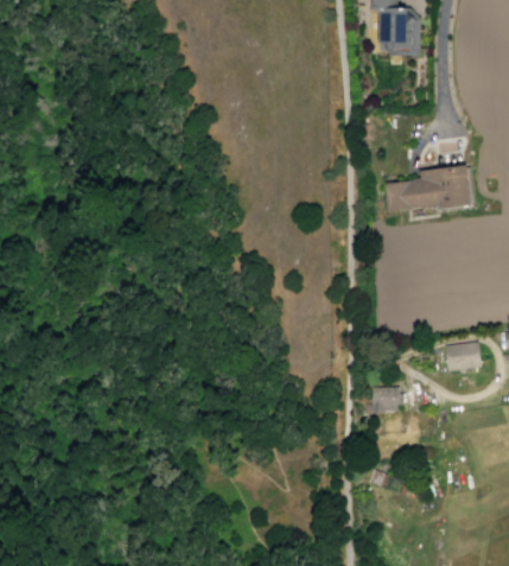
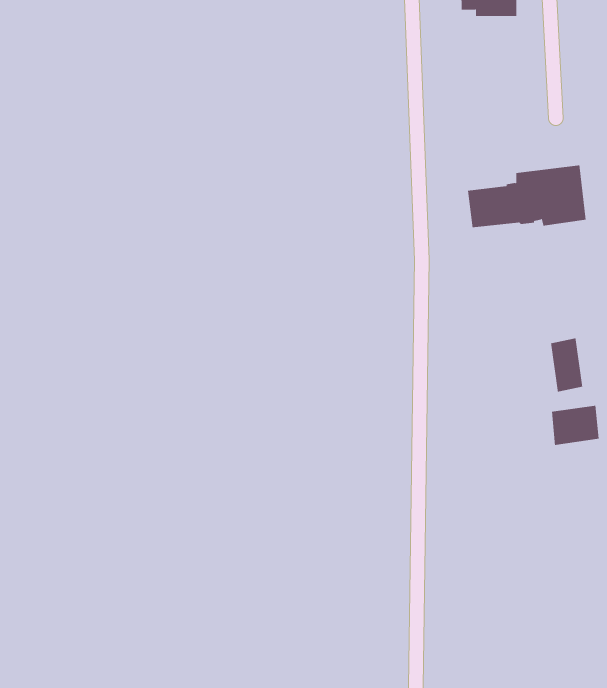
building: none -> [551,338,583,392]
building: [373,388,400,411] -> none

